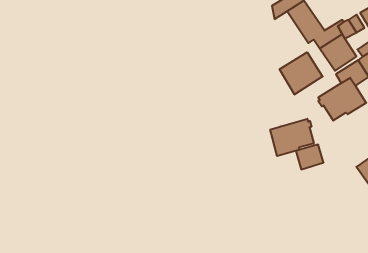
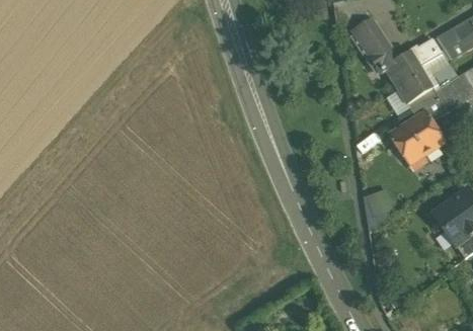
building: [280,52,323,95] -> none
building: [270,119,314,156] -> none

